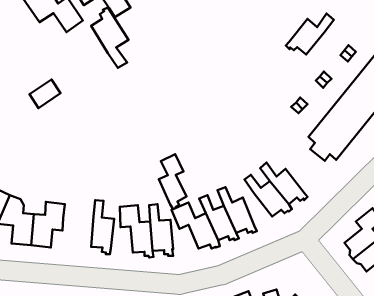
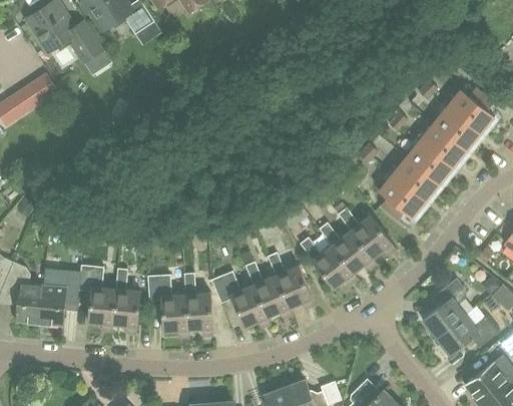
building: [91,7,129,68] -> none
building: [286,14,334,54] -> none
building: [29,79,61,108] -> [8,79,46,114]
building: none -> [339,208,397,259]
building: [159,154,186,209] -> none
building: none -> [79,265,116,332]

